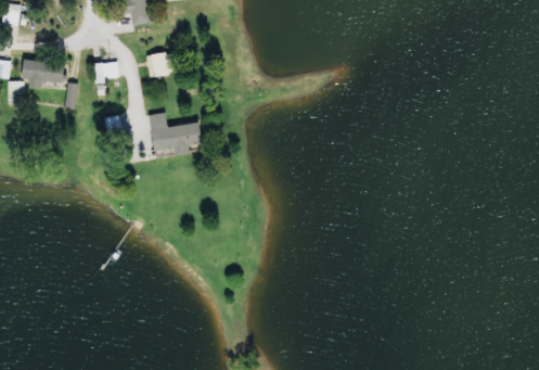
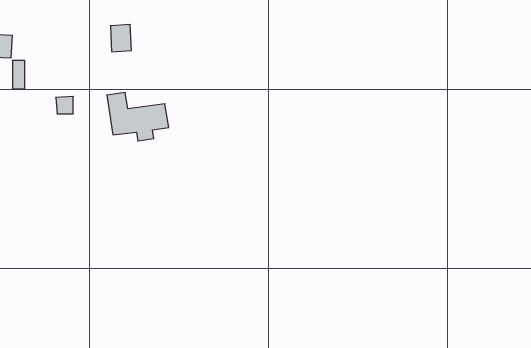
building: [93,61,117,80] -> none

